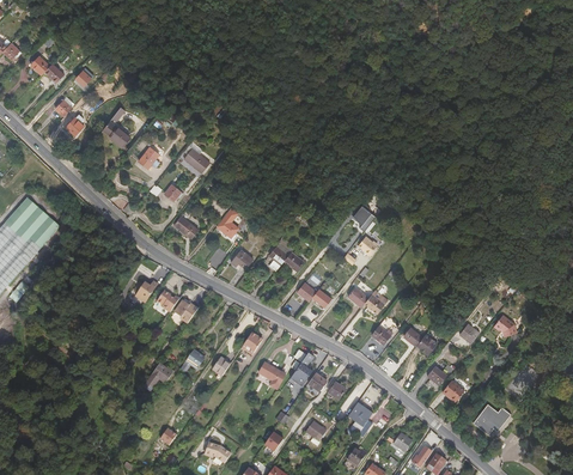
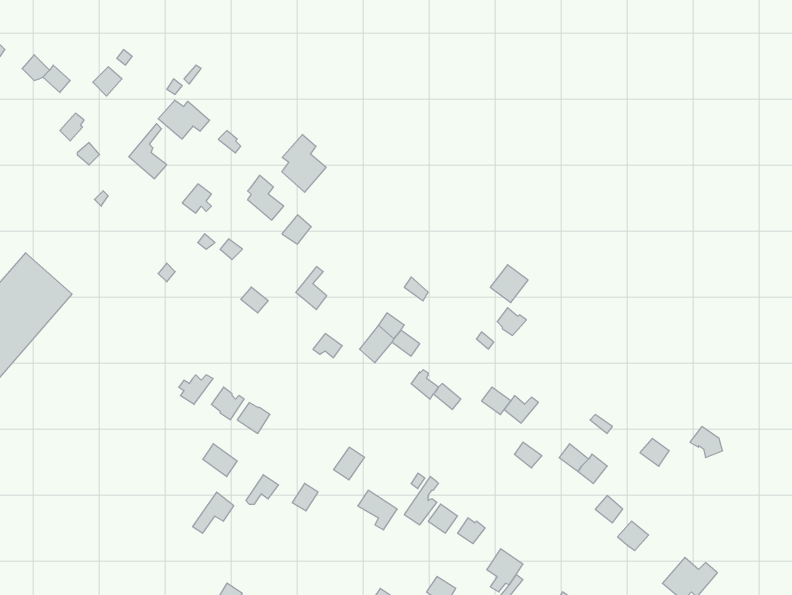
building: none -> [158,100,210,139]
building: none -> [282,134,326,192]

